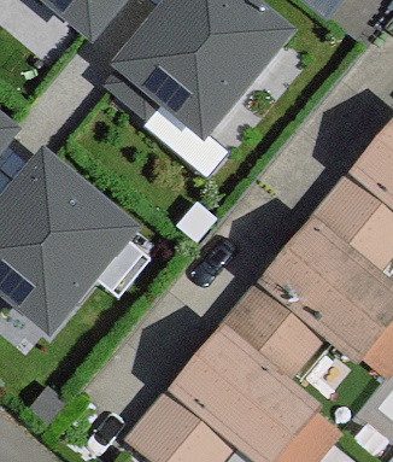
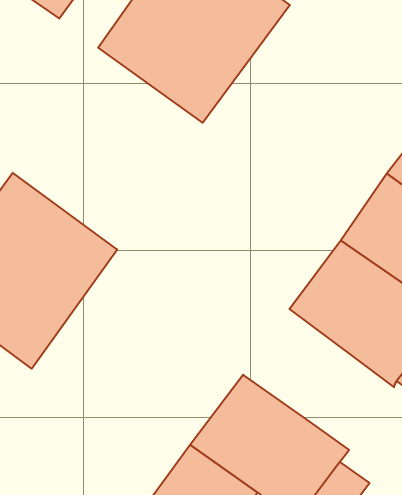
building: [230,287,325,384] -> none

